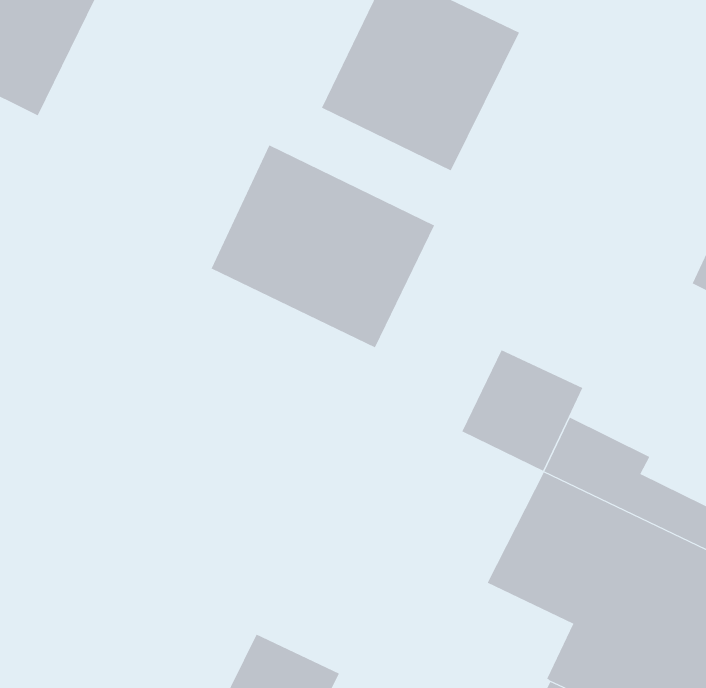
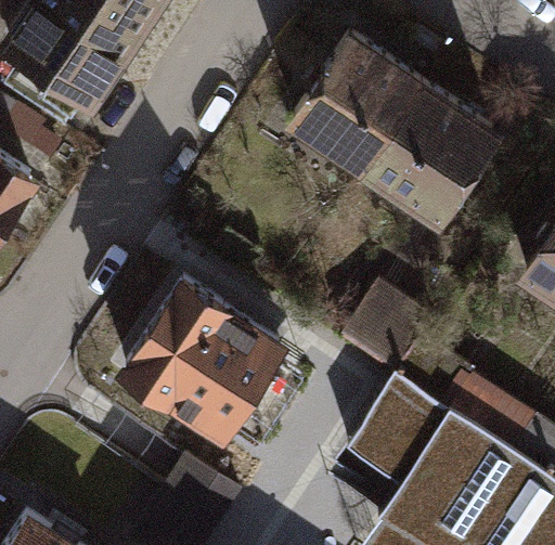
building: none -> [362,81,504,224]
building: [211,145,435,348] -> none
building: none -> [127,290,281,440]

